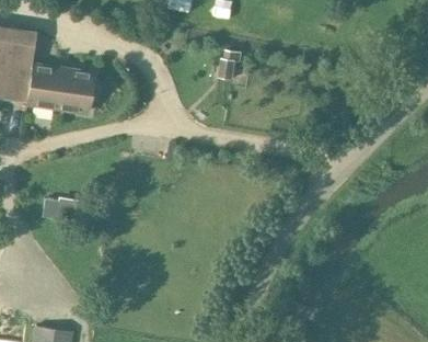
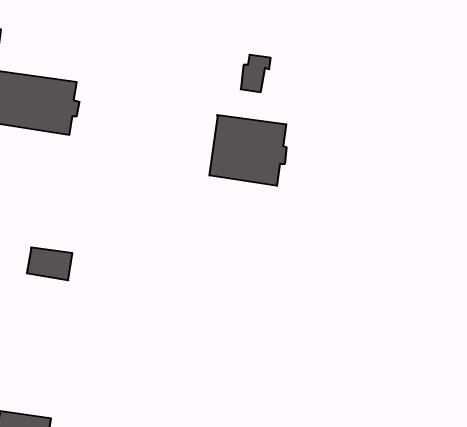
building: none -> [210,115,287,186]

